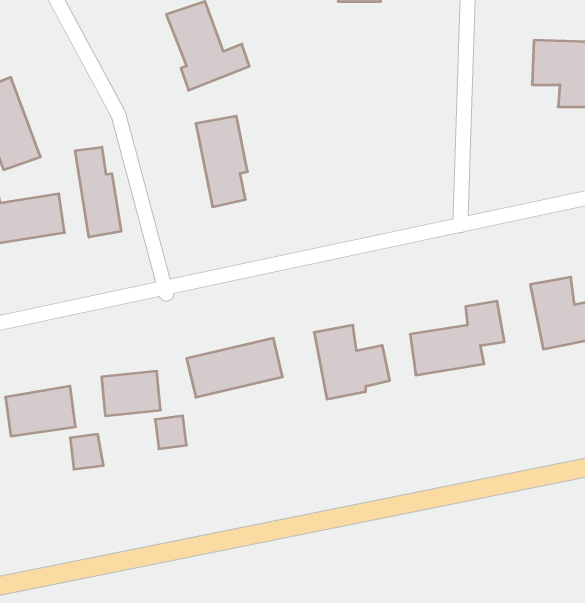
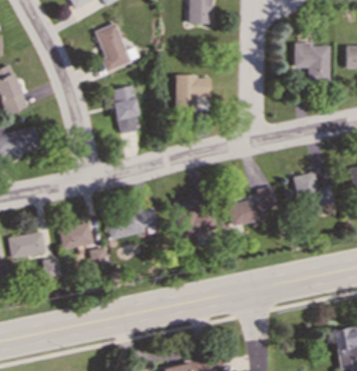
building: none -> [175,75,212,112]
building: [75,147,121,237] -> none

